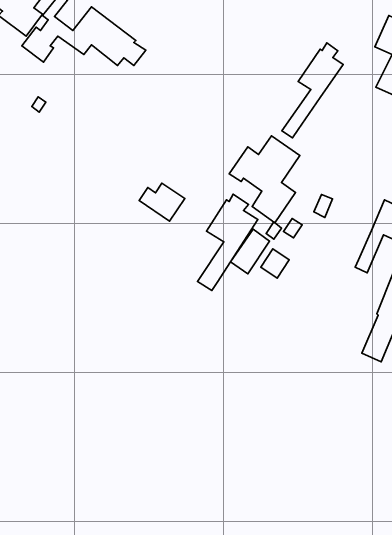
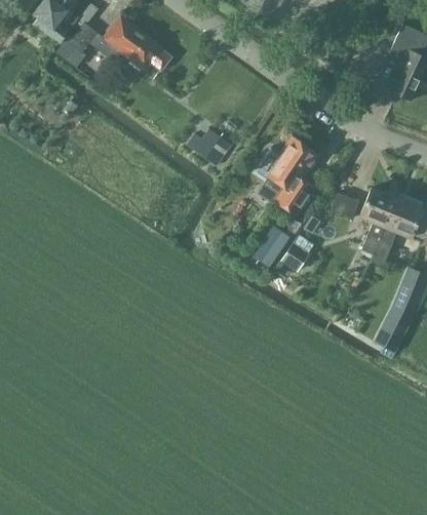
building: [282,43,343,138] -> none
building: [139,183,185,221] -> [187,129,230,165]
building: none -> [361,187,398,253]
building: [198,194,258,291] -> none

